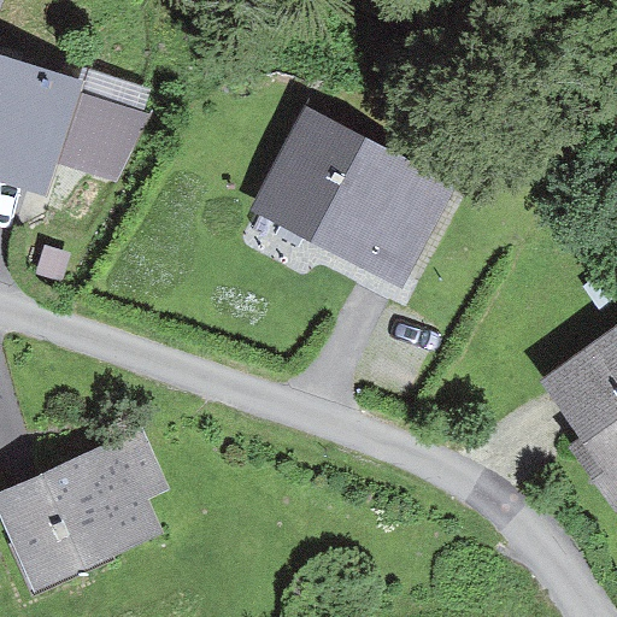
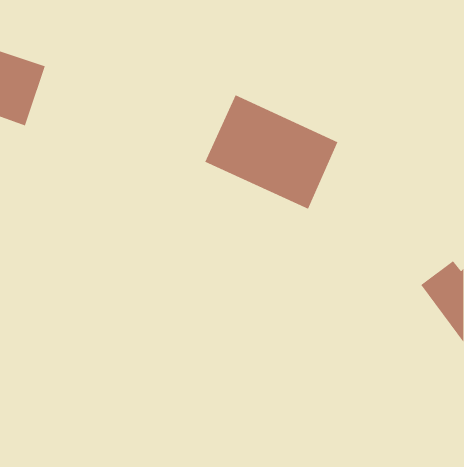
building: [39,88,140,176] -> none
building: [13,452,143,562] -> none

